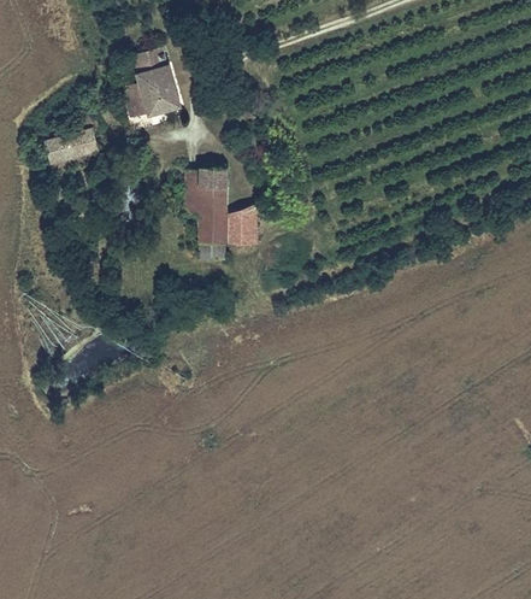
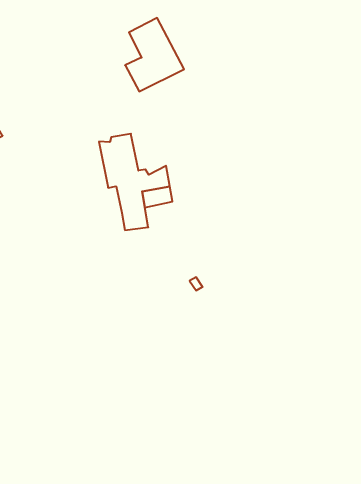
building: [120,48,179,119] -> [125,18,184,91]

